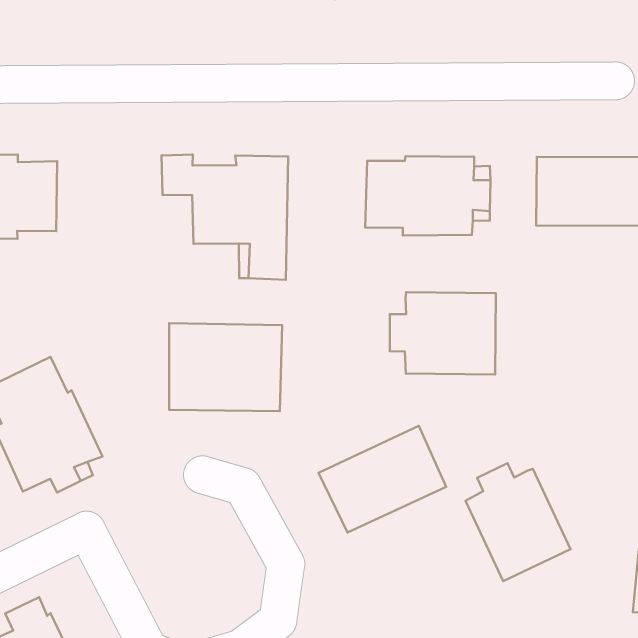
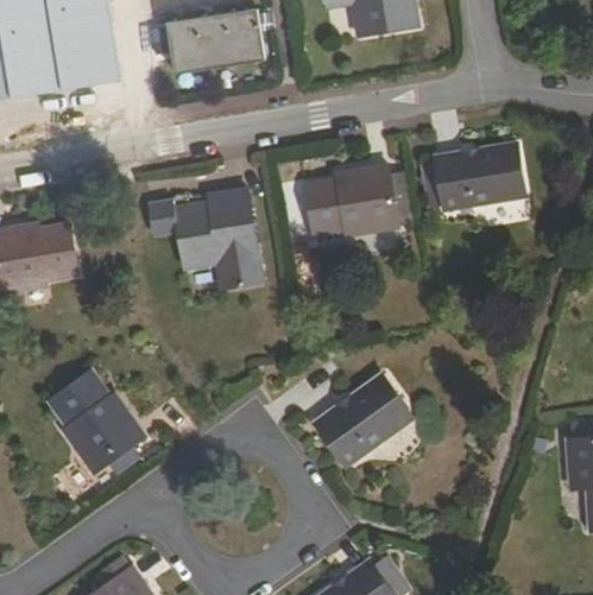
building: [390,292,496,374] -> none
building: [169,323,282,411] -> none
building: [465,463,570,581] -> none

